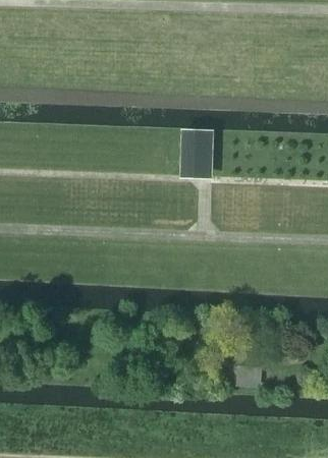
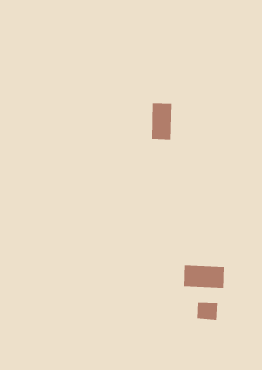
building: none -> [183,265,224,289]

